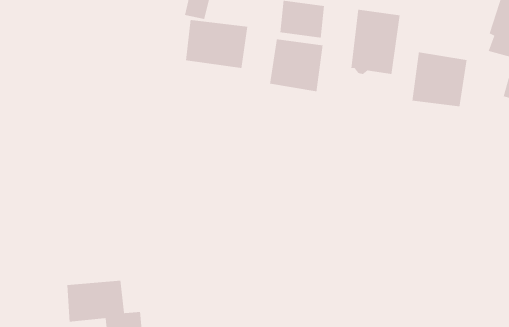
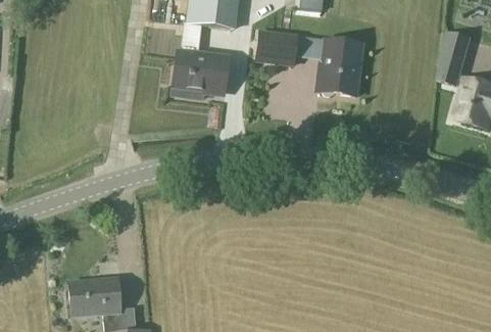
building: [269,39,323,92] -> none
building: [412,52,467,107] -> none

